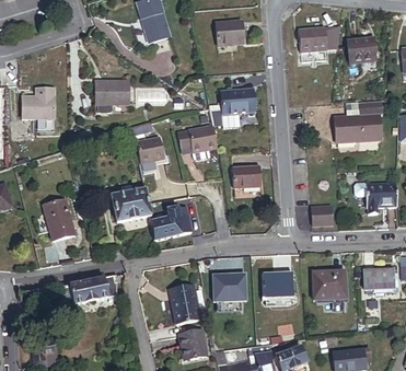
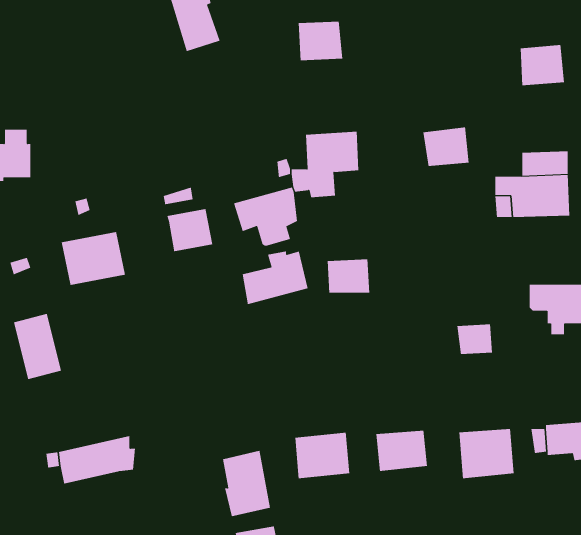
building: [297,27,325,51] -> [423,127,469,166]
building: [95,80,130,109] -> none
building: [112,190,151,223] -> [61,231,126,285]
building: [151,208,192,241] -> [242,251,309,305]

